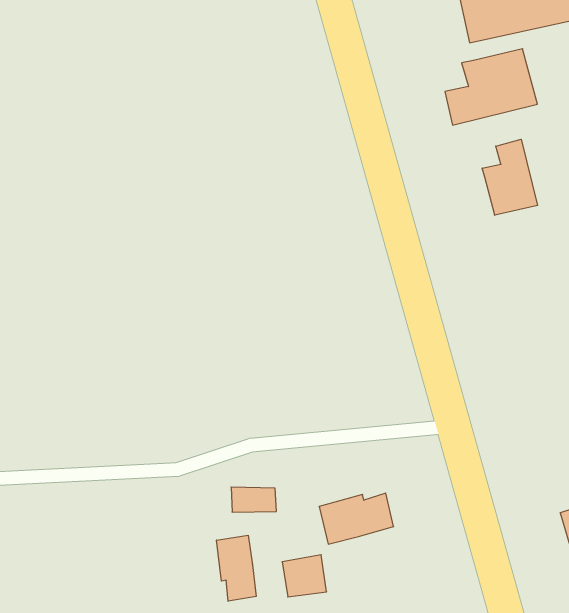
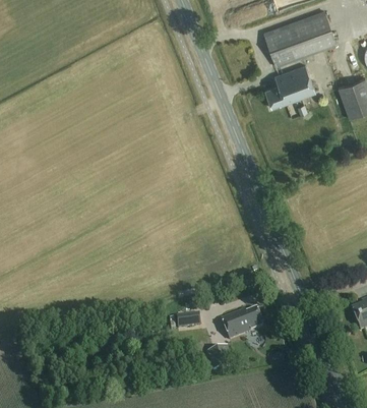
building: [482,139,538,215] -> none
building: [217,535,256,601] -> none

